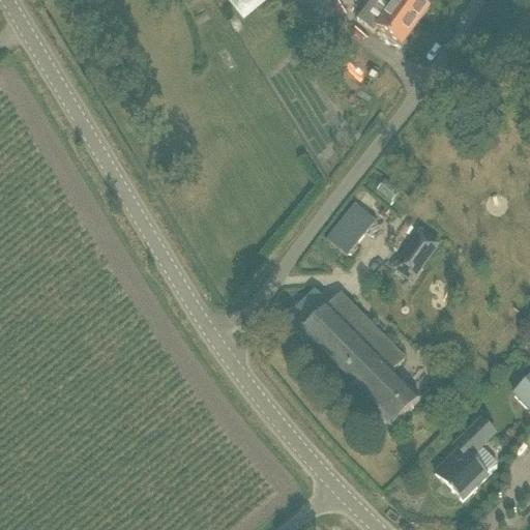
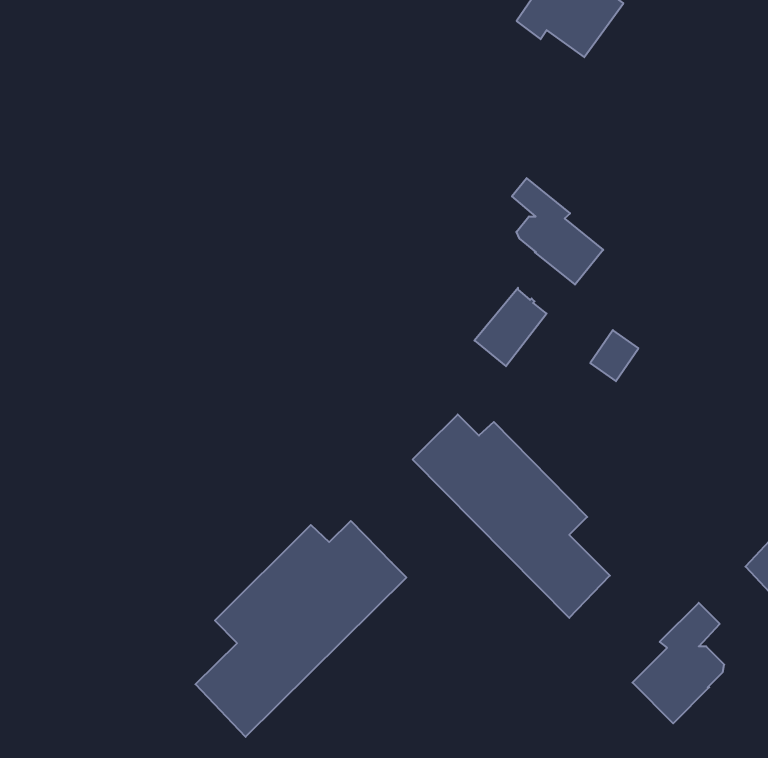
building: none -> [512,178,603,285]
building: none -> [195,521,406,737]

